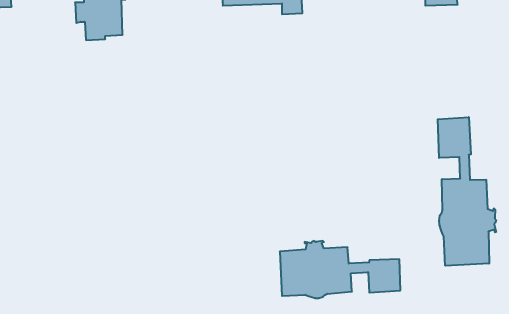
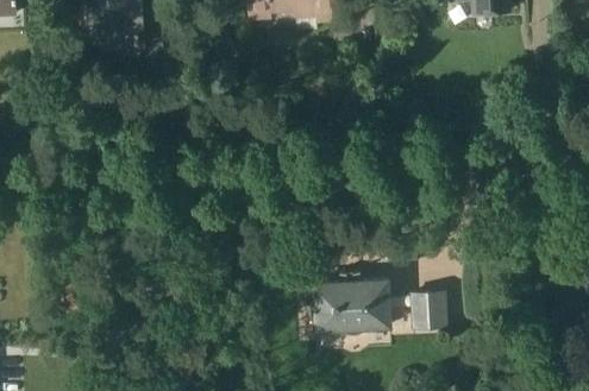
building: [438,117,496,266] -> none

